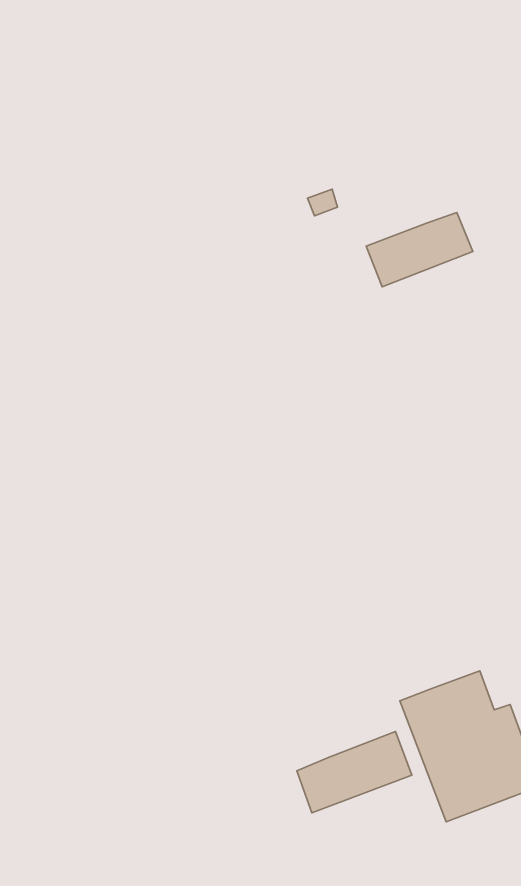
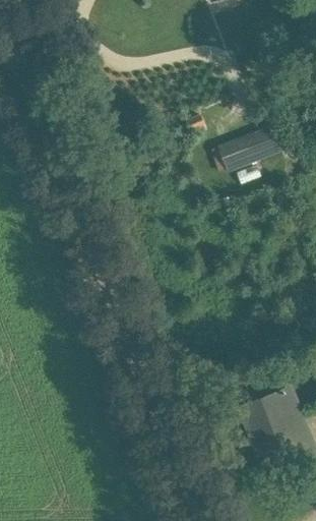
building: [297,732,412,813] -> none

